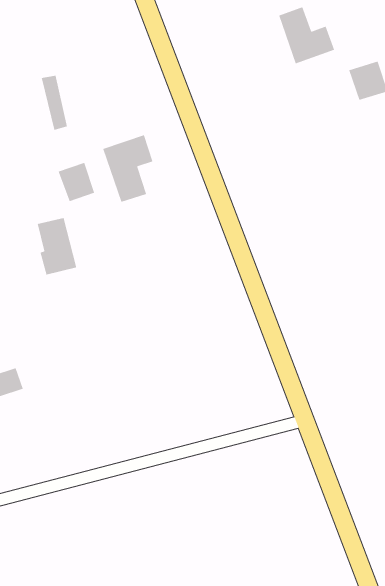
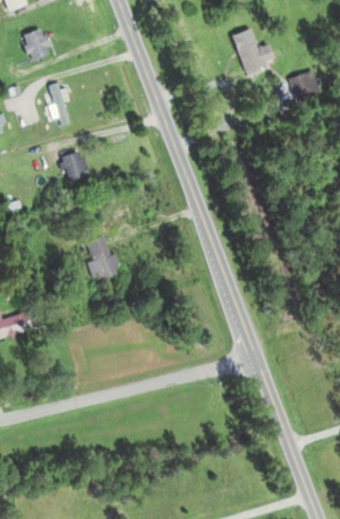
building: none -> [21,27,53,61]
building: [102,134,153,203] -> none
building: [37,217,77,276] -> [87,235,118,281]

